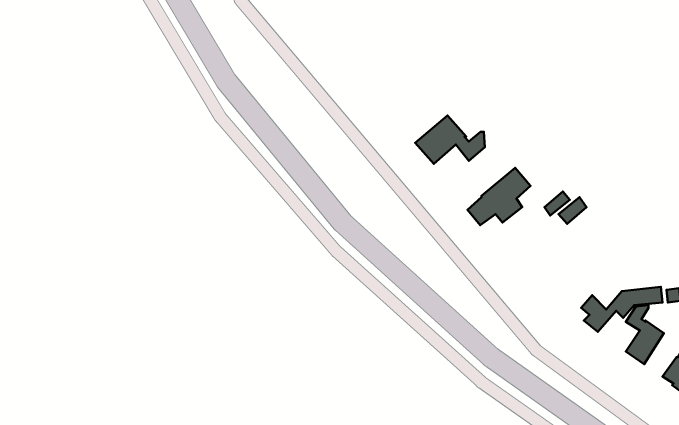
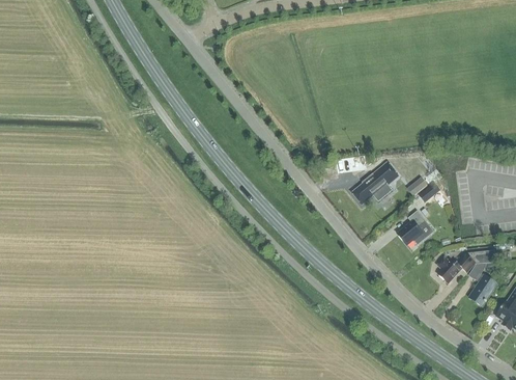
building: [415,116,485,164] -> none
building: none -> [397,210,434,245]

